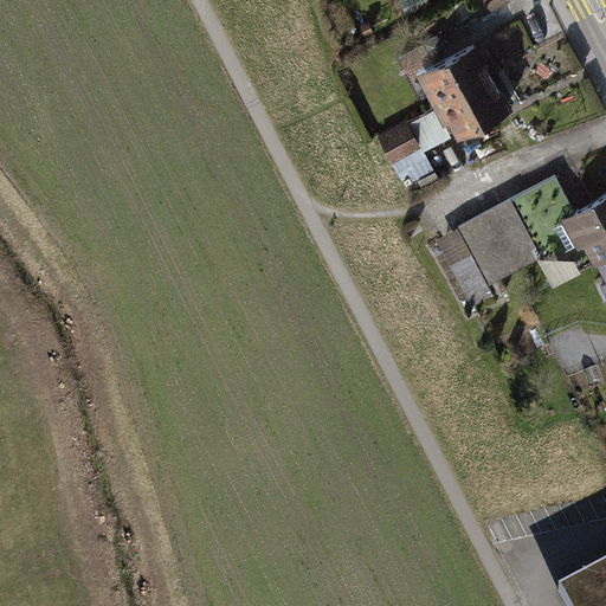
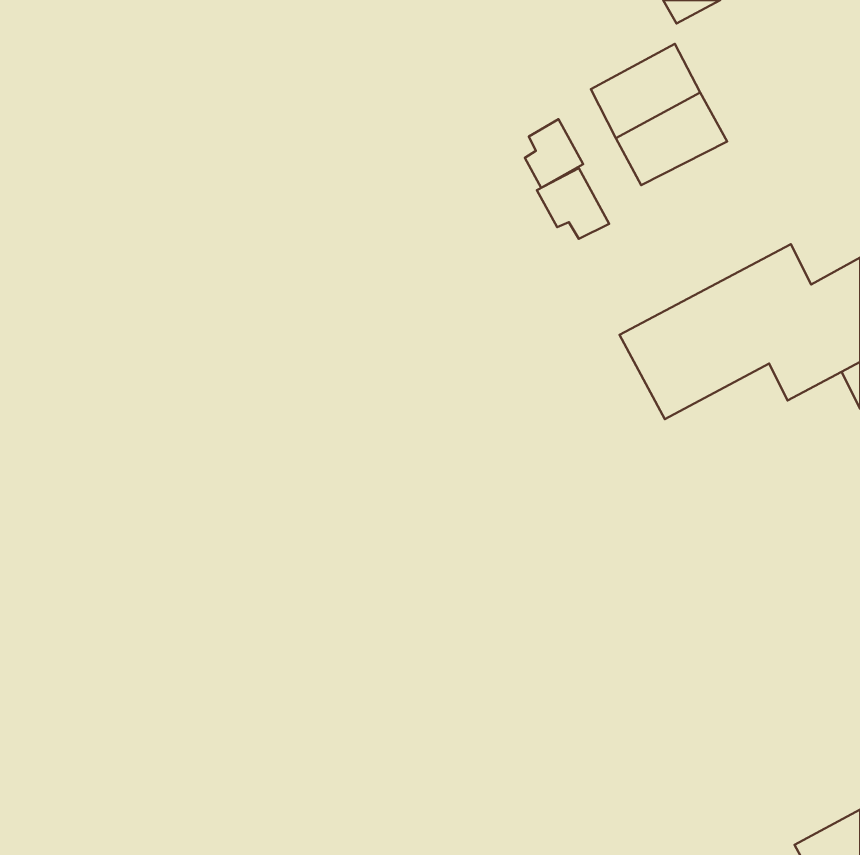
building: none -> [525,119,583,188]

